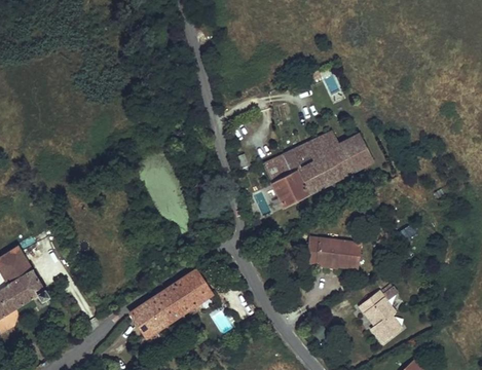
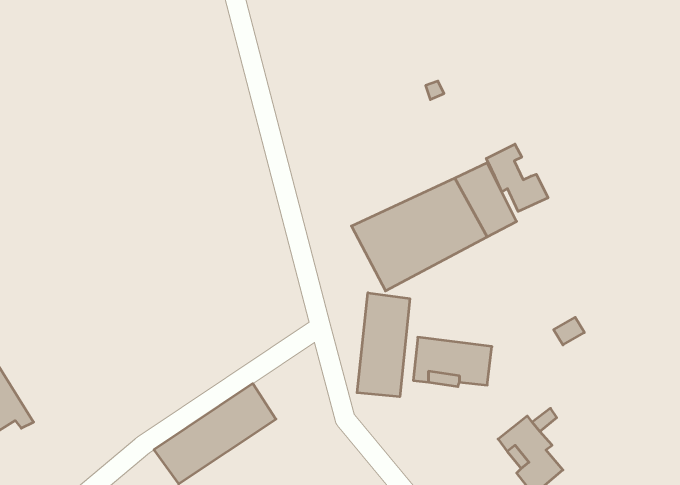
building: none -> [486,144,548,211]
building: none -> [357,293,410,397]

